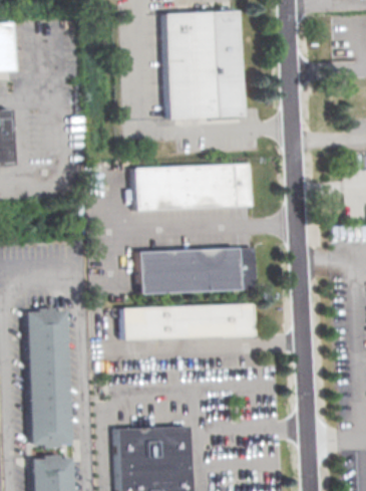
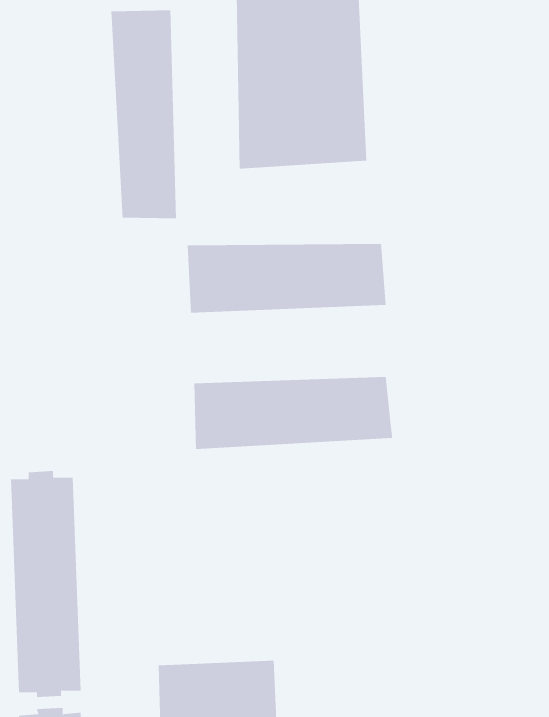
building: none -> [111,10,176,219]
building: [121,304,256,338] -> none

